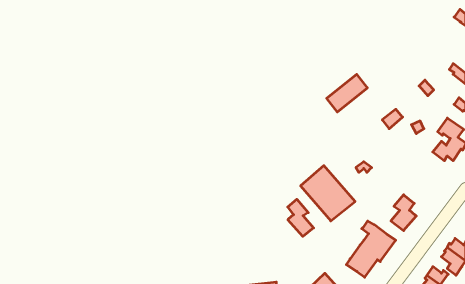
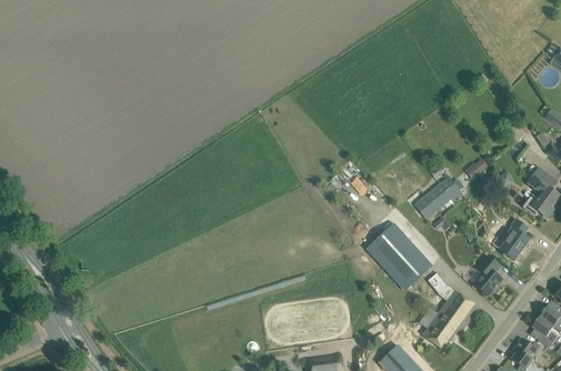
building: [327,74,367,112] -> [413,177,460,220]
building: none -> [491,220,529,260]
building: [288,199,314,236] -> none

